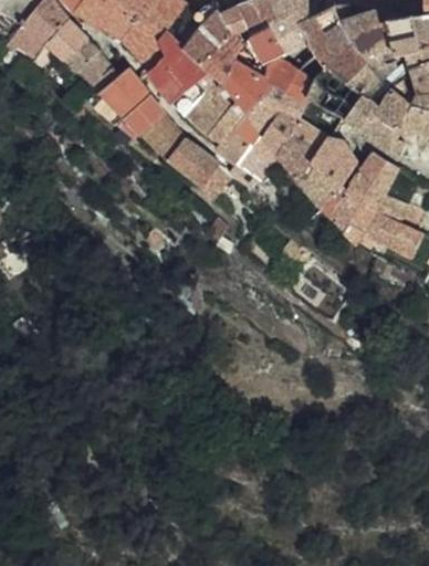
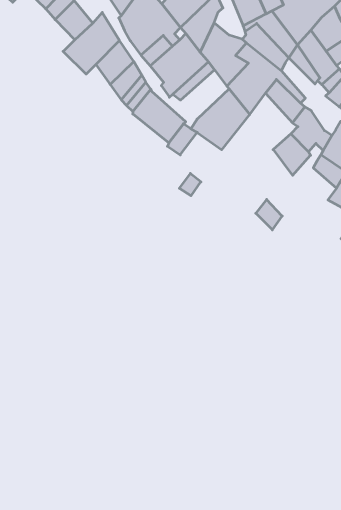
building: [209,109,258,159] -> none
building: [280,129,328,185] -> none
building: [326,188,370,243] -> none

